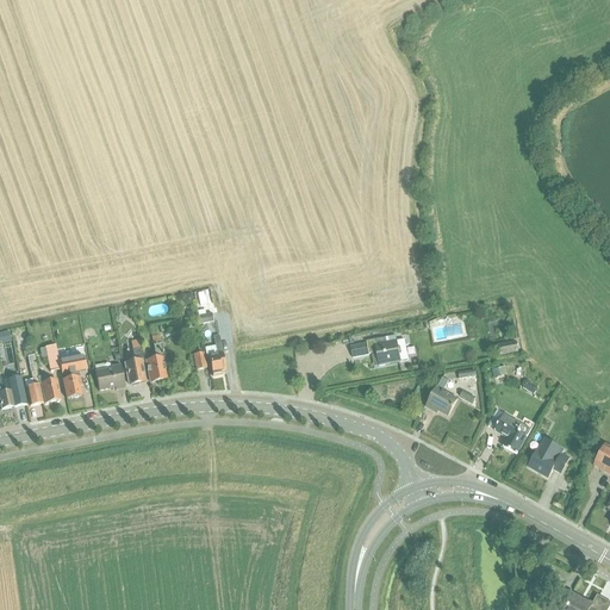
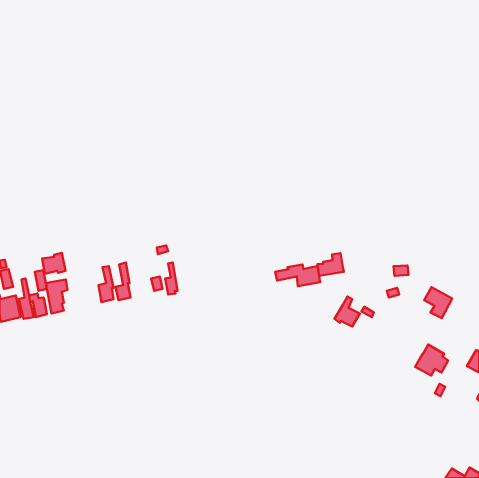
building: none -> [318,253,344,276]
building: [94,362,124,388] -> [42,253,66,274]
building: [493,412,529,452] -> [424,287,452,318]

